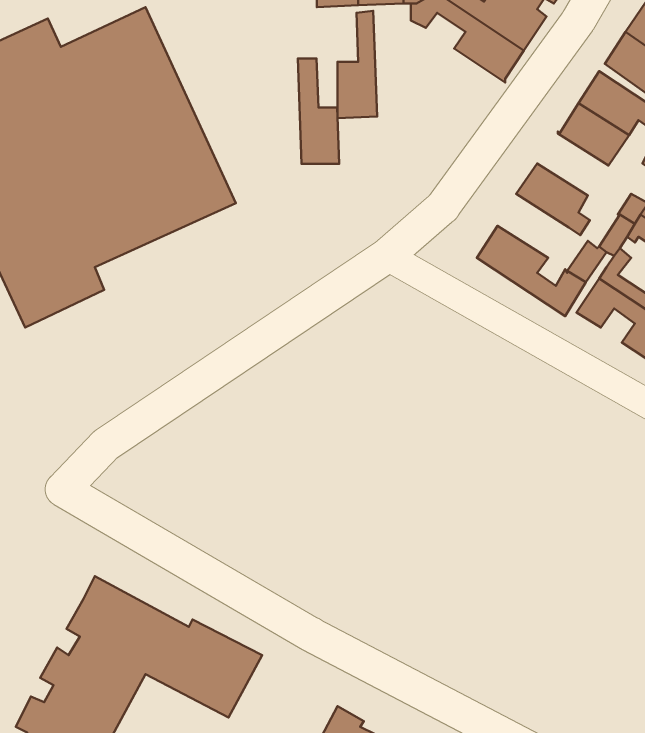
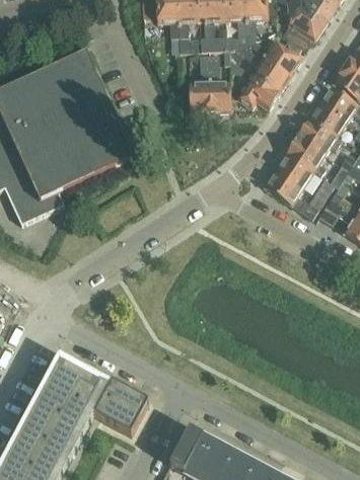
building: none -> [237,74,280,108]
building: [298,58,339,164] -> [209,54,231,110]
building: none -> [297,119,341,153]
building: none -> [276,152,314,186]

